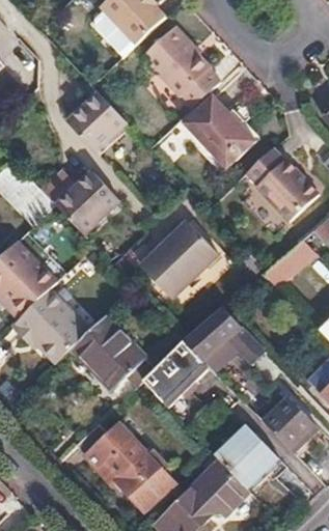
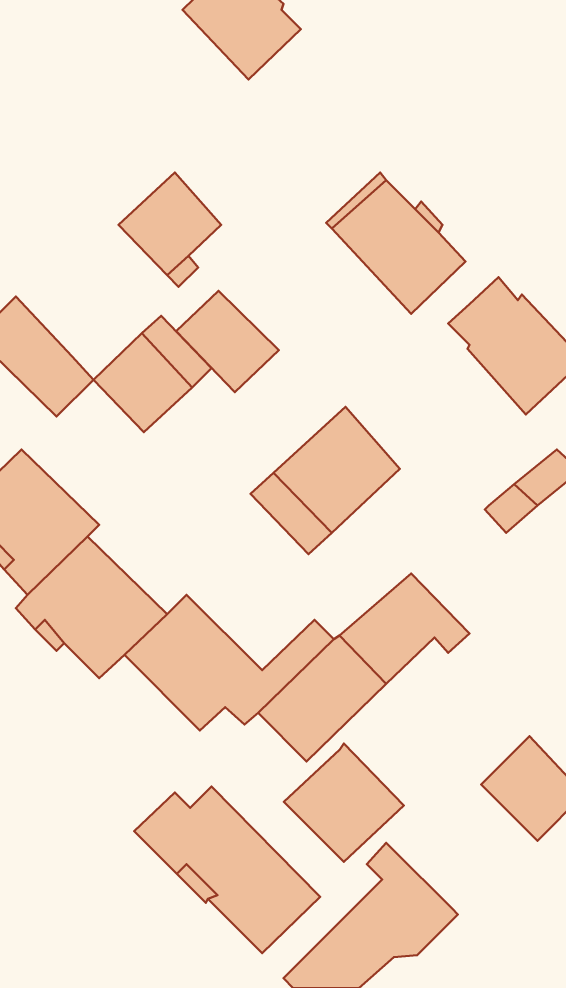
building: [130,35,200,107] -> none
building: none -> [176,291,279,392]
building: [214,423,278,486] -> [284,744,404,862]

